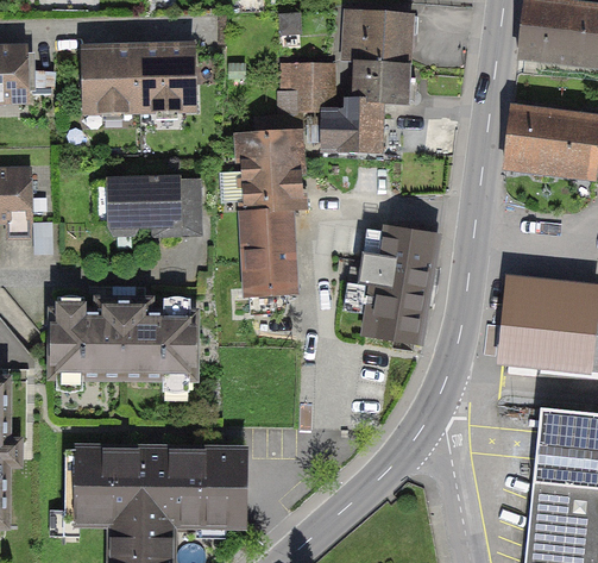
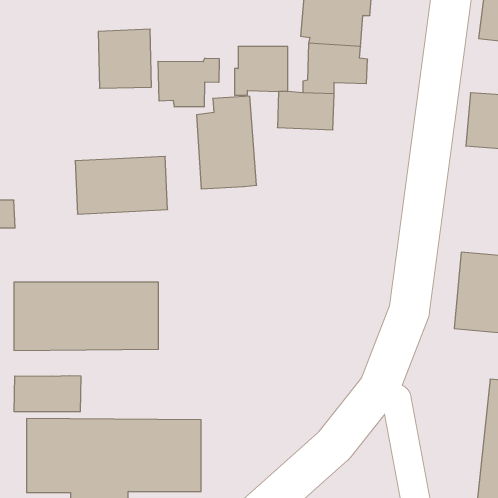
building: [84,49,139,108] -> none
building: none -> [158,58,219,107]
building: [244,208,291,290] -> none
building: [357,229,434,342] -> none
building: none -> [14,376,81,412]

